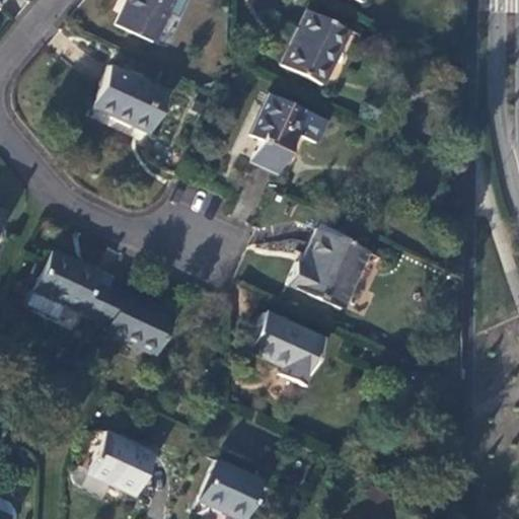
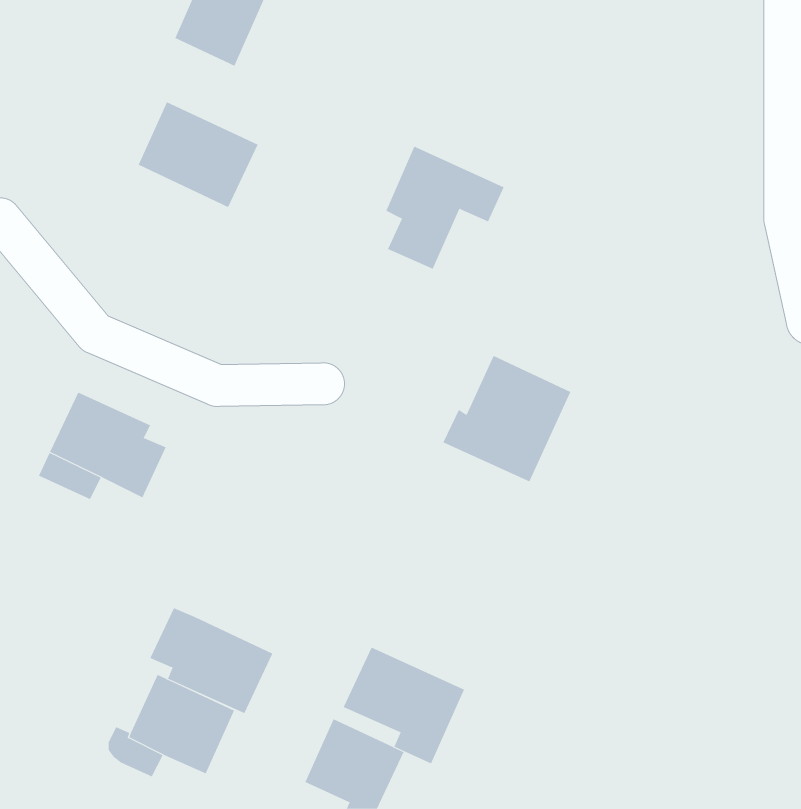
building: [284,10,351,84] -> none
building: [97,286,176,354] -> [150,607,273,714]
building: [249,311,327,386] -> [343,647,465,764]

